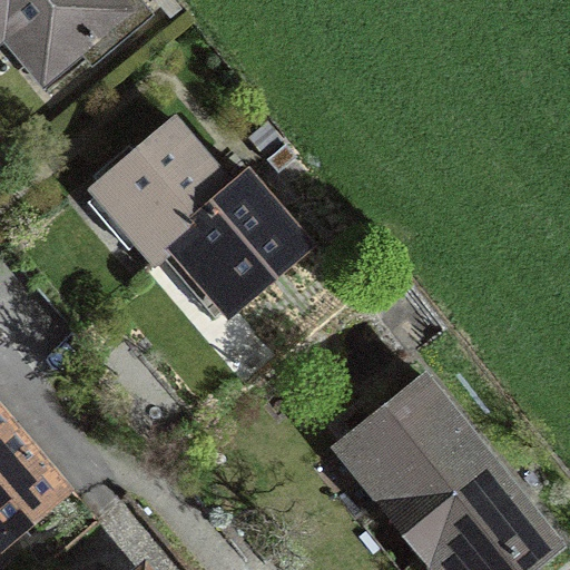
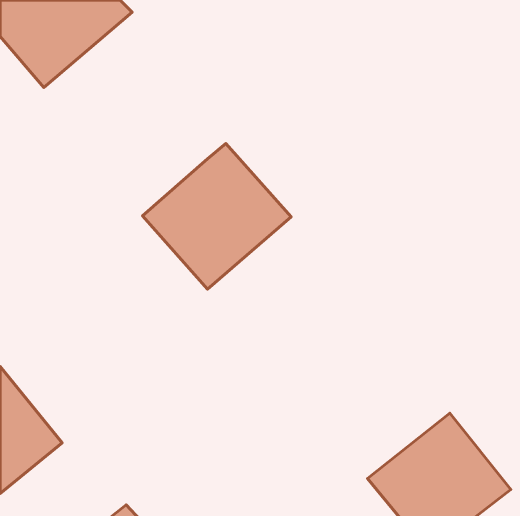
building: [86,112,227,253] -> none
building: [331,367,492,528] -> none

